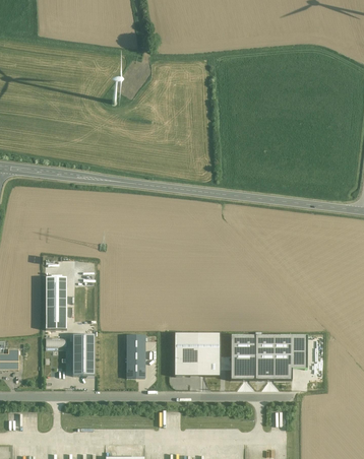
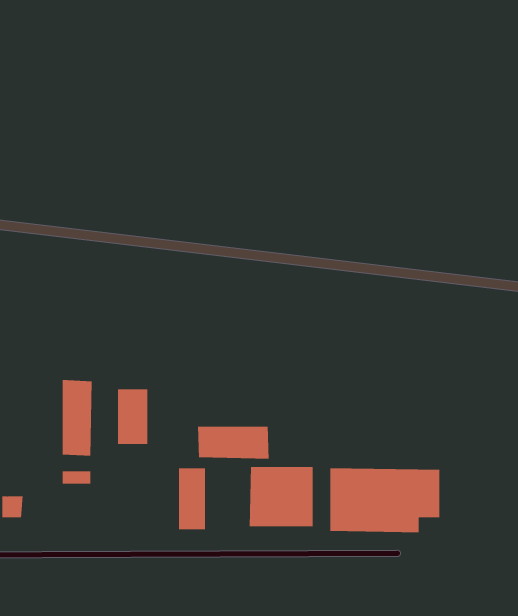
building: none -> [198,426,269,460]
building: [72,337,94,376] -> [117,389,148,445]

